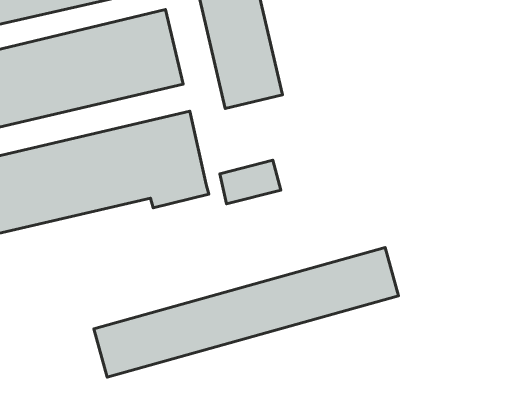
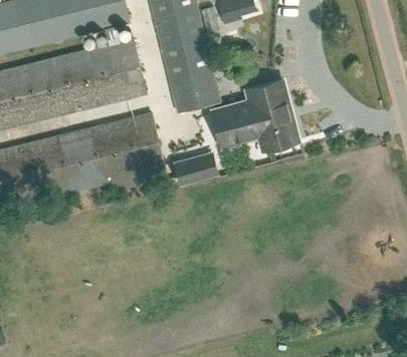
building: none -> [209,79,296,150]
building: [94,248,398,377] -> none

